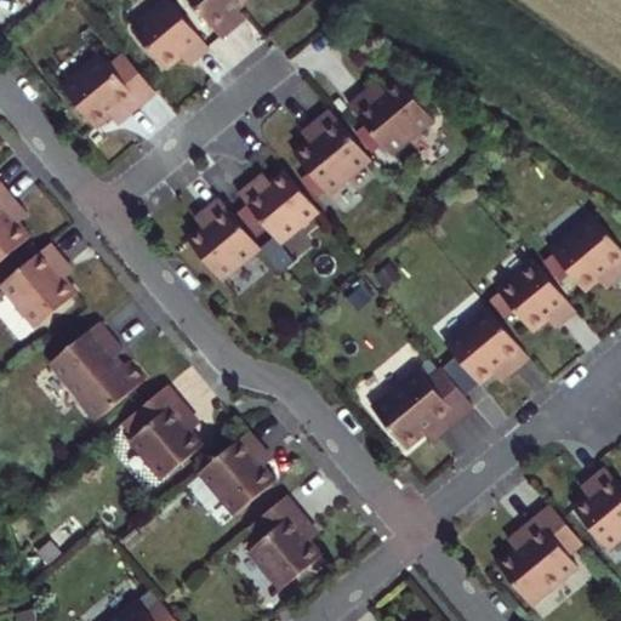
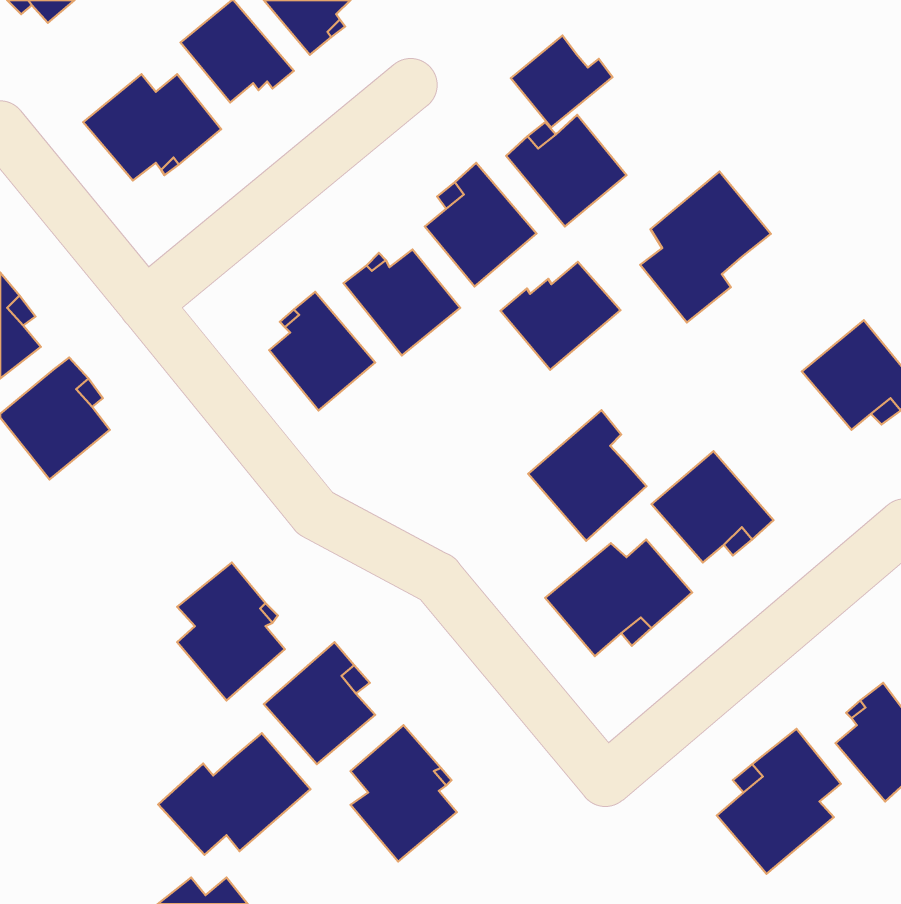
building: none -> [511,35,612,128]
building: none -> [640,171,771,323]
building: none -> [501,262,620,370]
building: [498,263,576,335] -> none
building: none -> [528,410,647,541]
building: [50,323,143,422] -> none
building: none -> [158,733,310,855]

